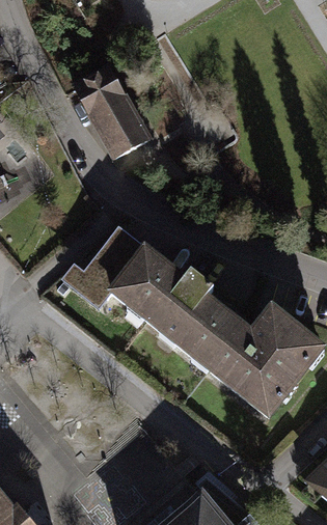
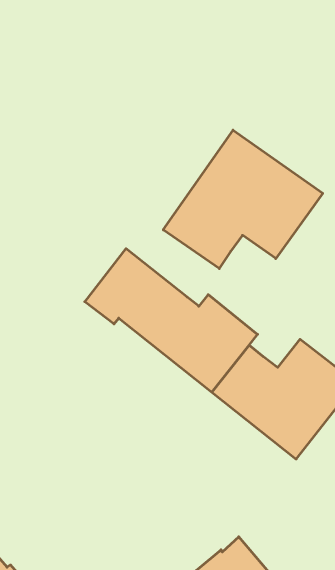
building: [73,67,151,161] -> none
building: none -> [163,130,323,269]

